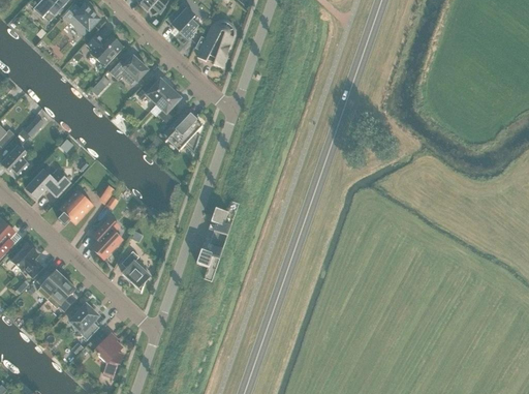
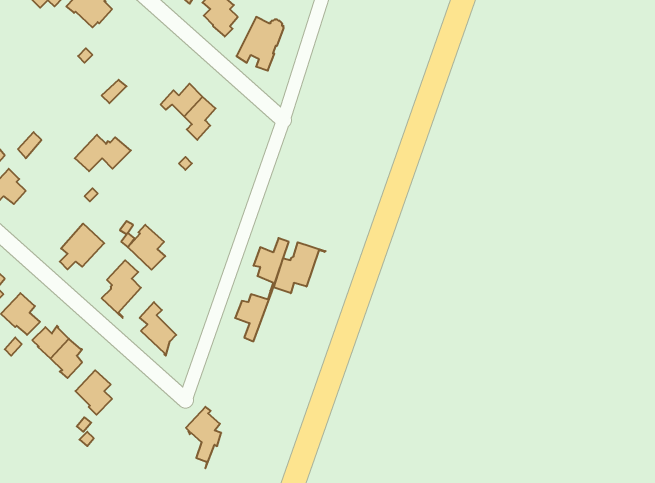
building: [87,32,122,64] -> none
building: [110,55,148,85] -> none
building: [161,112,203,150] -> none
building: [26,169,70,198] -> [75,135,131,171]
building: none -> [128,225,165,270]
building: none -> [274,242,326,293]
building: [95,332,123,381] -> [186,407,221,468]

